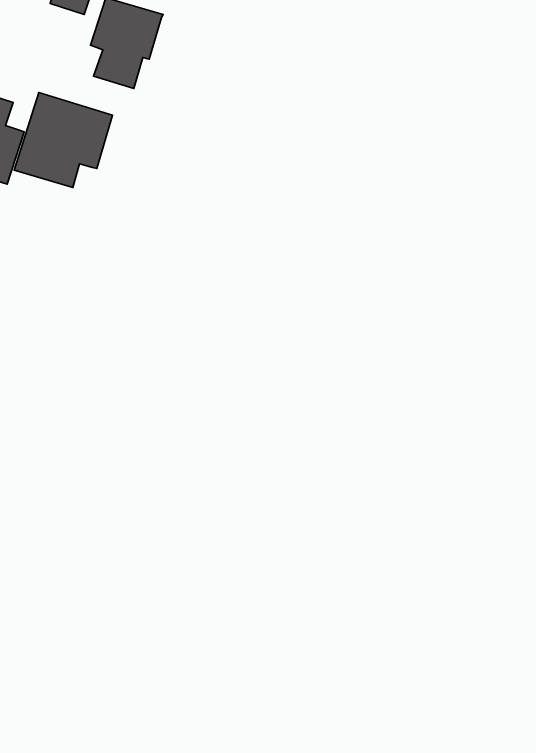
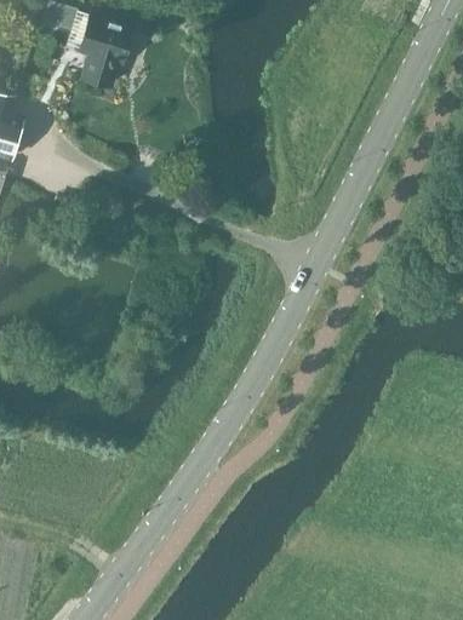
building: [14,92,113,188] -> none

